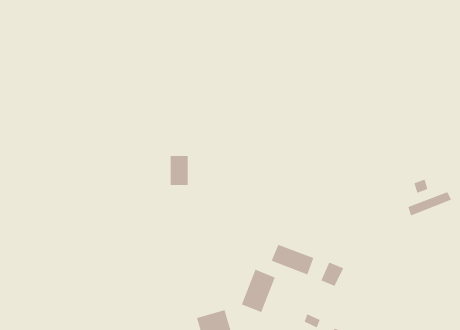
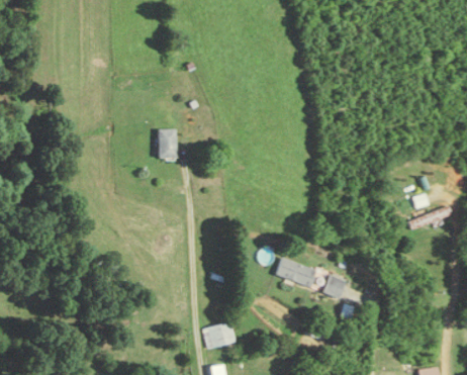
building: [170,156,188,186] -> [158,127,176,157]
building: [241,269,275,313] -> none

